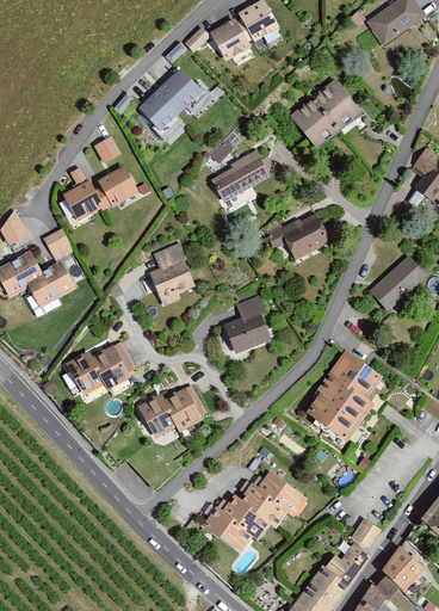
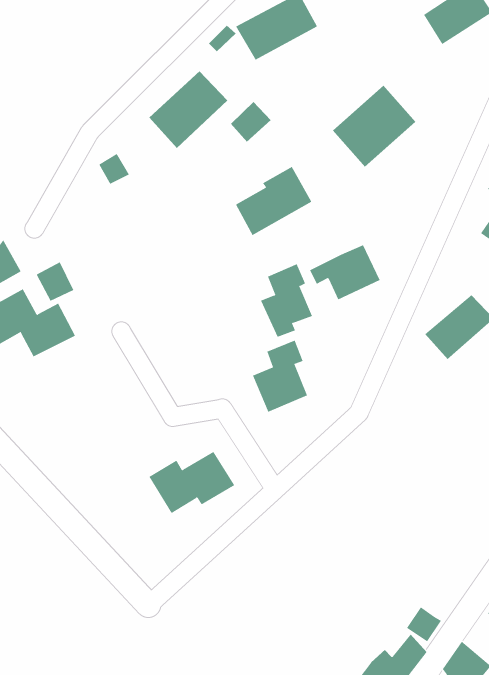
building: none -> [230,101,272,143]
building: [61,162,142,223] -> none
building: [148,241,192,303] -> [260,264,313,338]
building: [63,341,138,396] -> none
building: [307,348,384,442] -> none
building: [202,473,308,550] -> none

